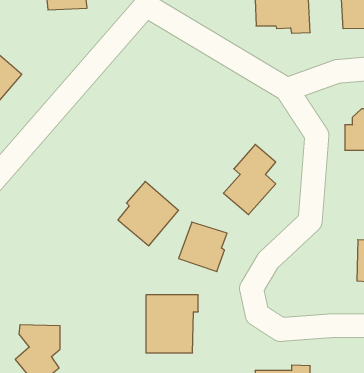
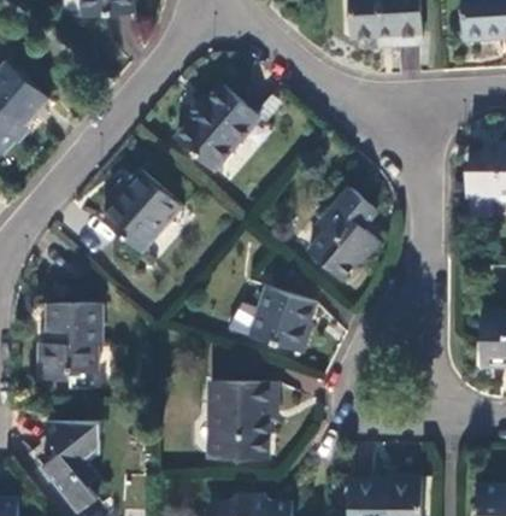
building: none -> [176,84,259,170]
building: [118,181,179,246] -> [104,170,182,253]
building: none -> [40,304,100,379]

